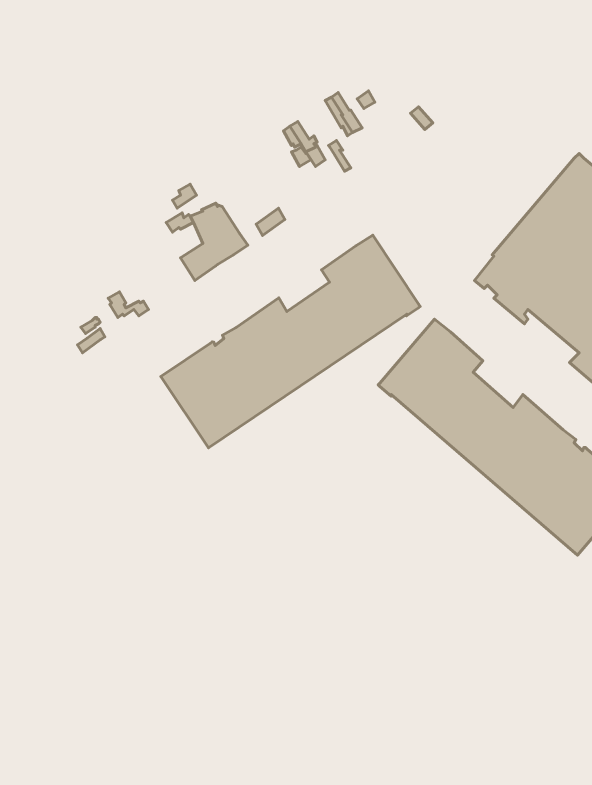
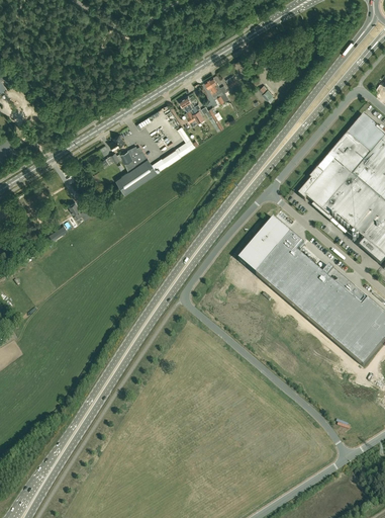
building: [161,235,420,448] -> none

